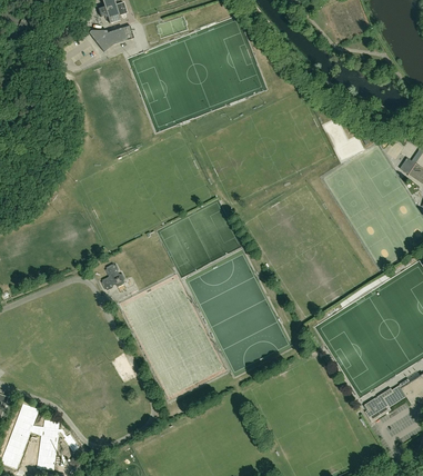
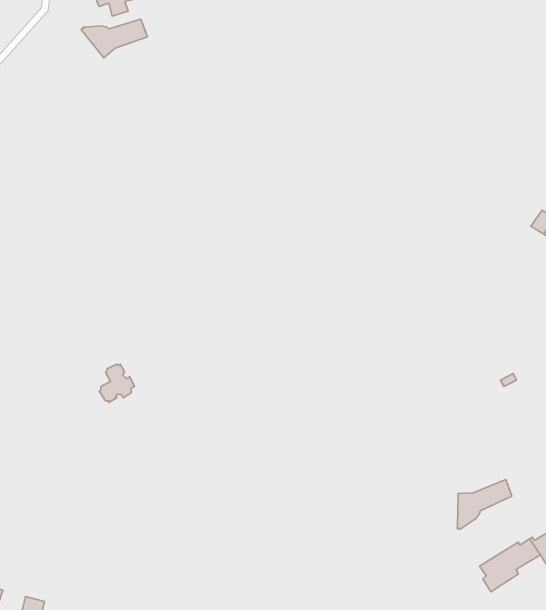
building: none -> [457,479,512,529]

